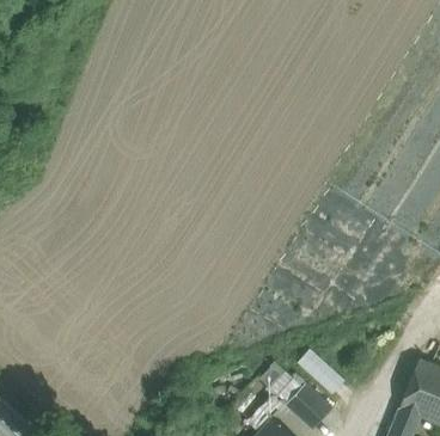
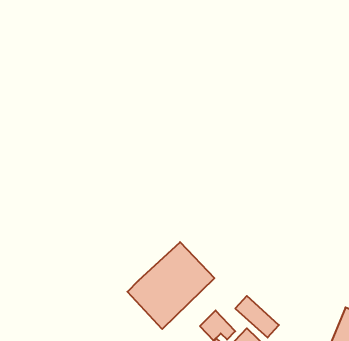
building: none -> [127,242,214,329]

